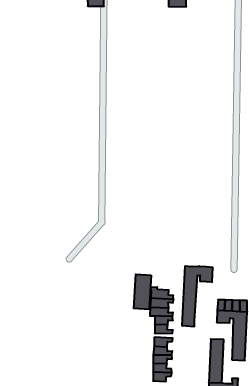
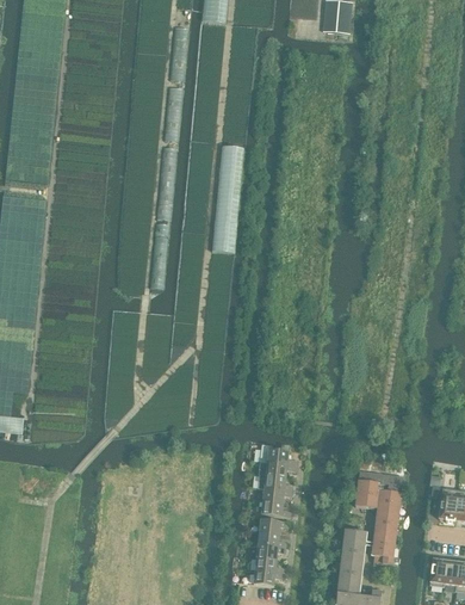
building: [182,266,213,327] -> none
building: [134,274,151,309] -> none

